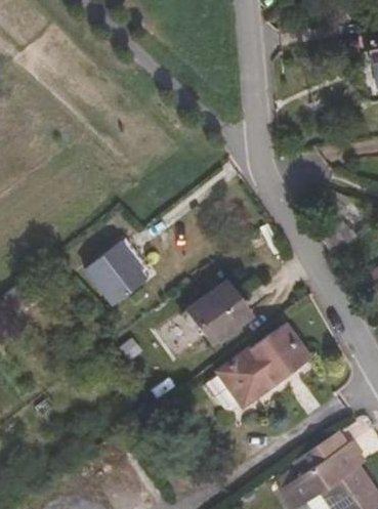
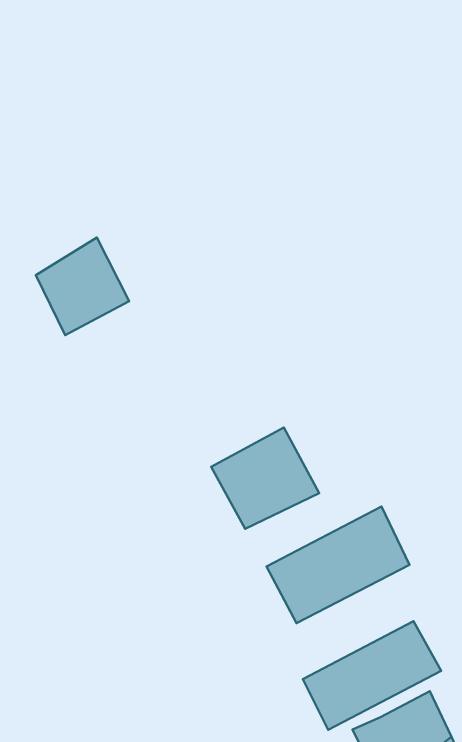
building: [92,232,153,296] -> [36,237,129,335]
building: none -> [303,621,441,730]

